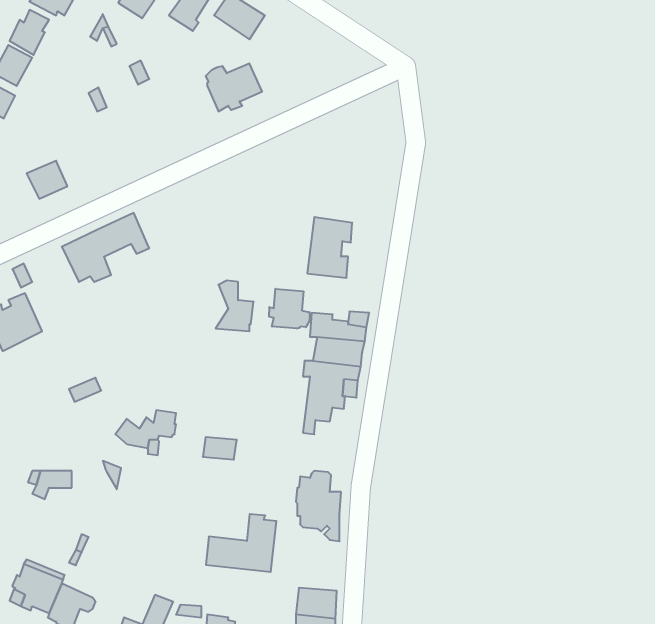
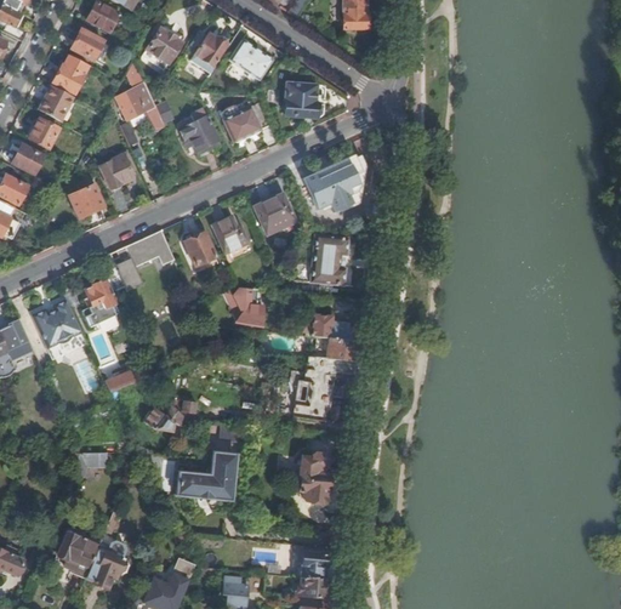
building: none -> [284,82,317,118]
building: none -> [116,87,164,130]
building: none -> [178,108,216,149]
building: none -> [99,152,133,189]
building: none -> [302,155,365,210]
building: none -> [253,193,295,234]
building: none -> [211,216,246,251]
building: none -> [183,232,215,266]
building: none -> [85,279,114,312]
building: [269,289,310,329] -> none
building: [206,514,276,572] -> [175,450,235,500]

